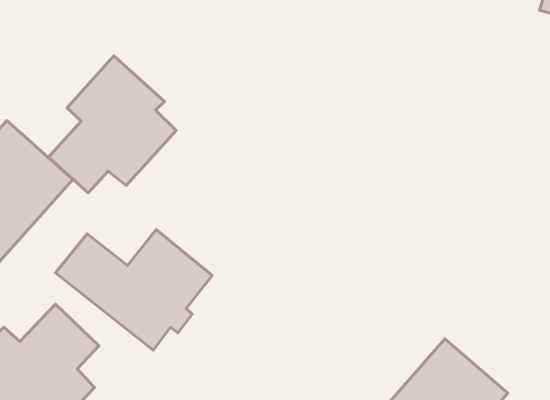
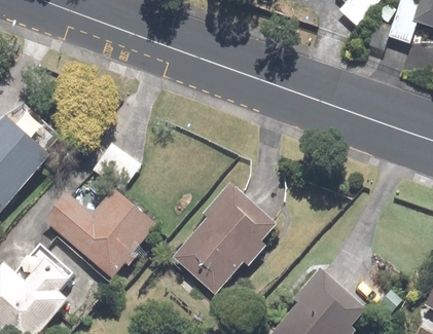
building: [48,56,176,193] -> none
building: none -> [171,185,277,294]

